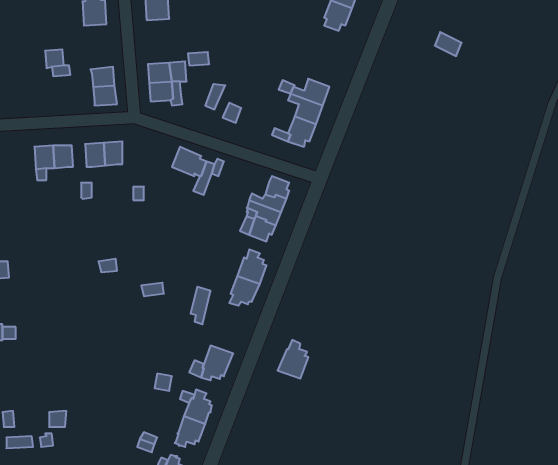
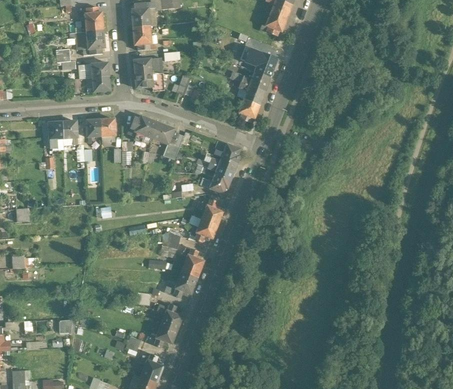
building: none -> [132,26,151,50]
building: none -> [85,30,104,54]
building: none -> [243,49,276,77]
building: none -> [128,116,157,142]
building: [278,340,308,379] -> [180,248,203,277]

